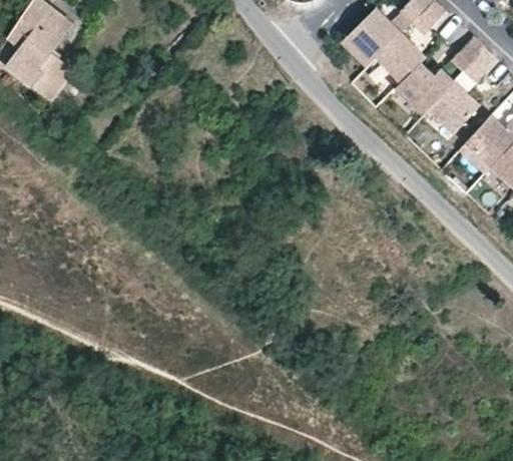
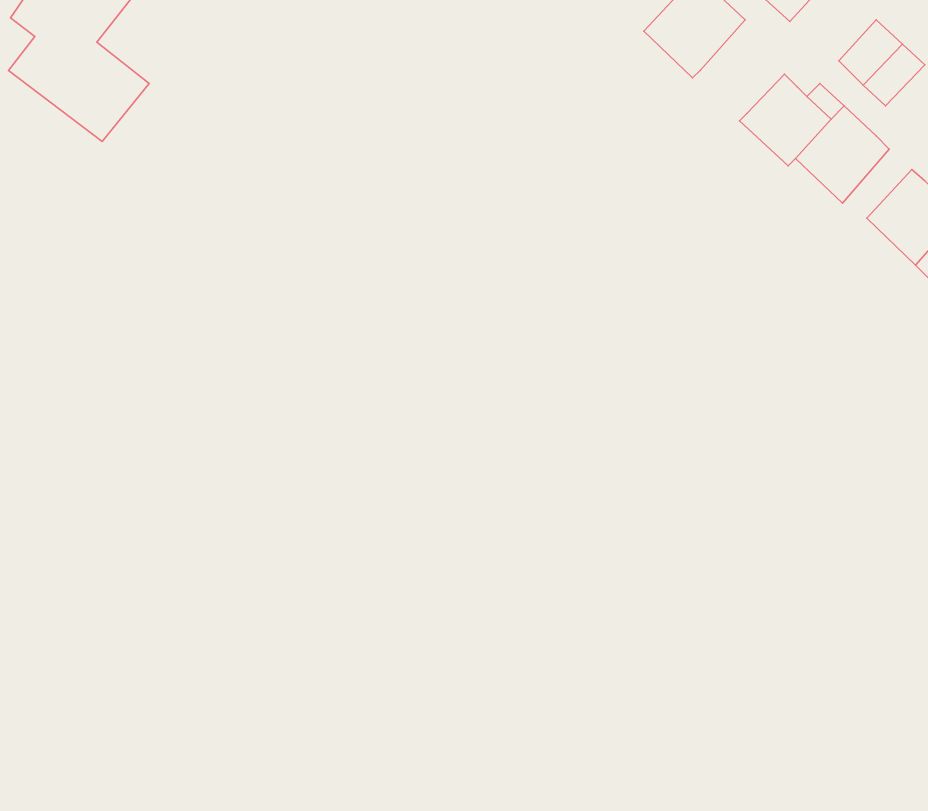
building: [376,36,425,86] -> none

